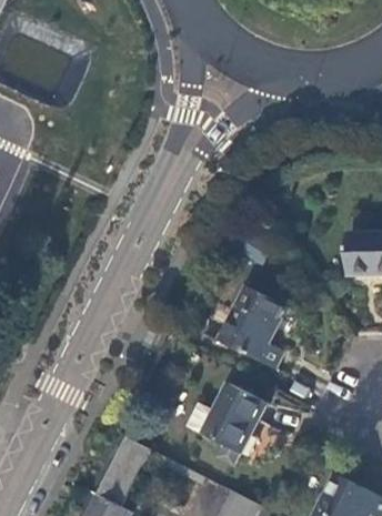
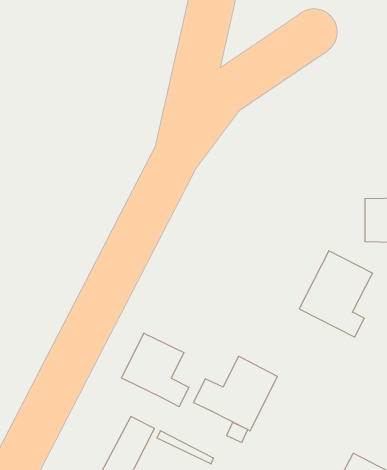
building: [217,286,285,367] -> [299,251,373,337]
building: none -> [122,333,189,407]

